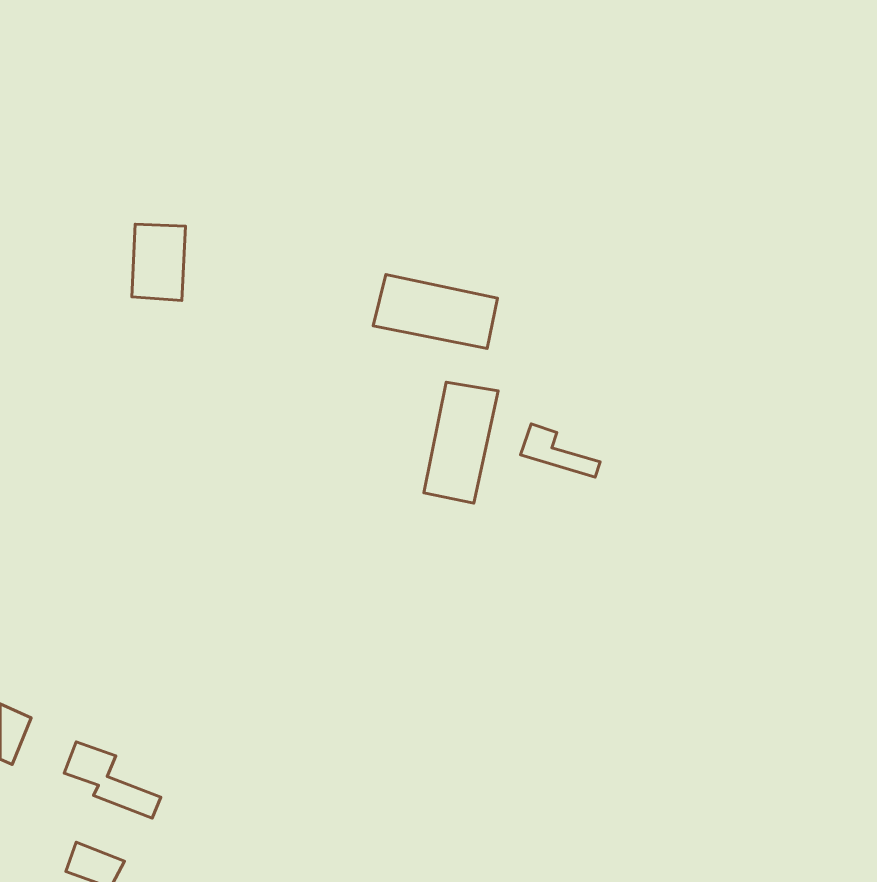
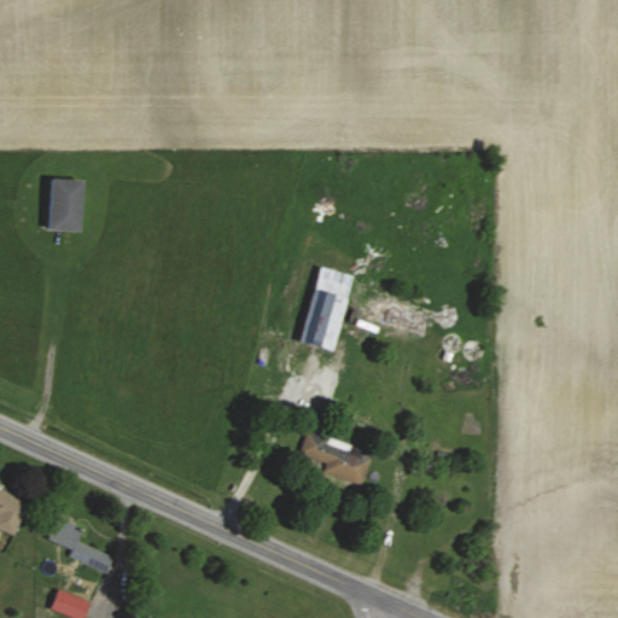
building: [132,224,185,300] -> [46,179,83,232]
building: [373,275,498,348] -> none
building: none -> [301,433,362,483]

